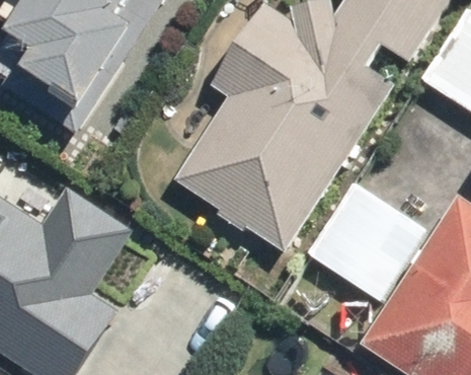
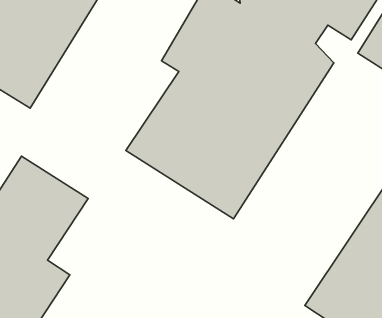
building: [311,185,424,300] -> none

